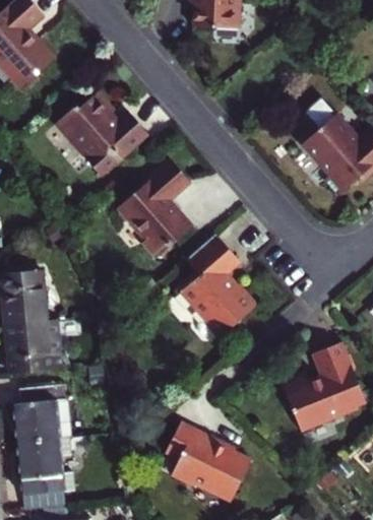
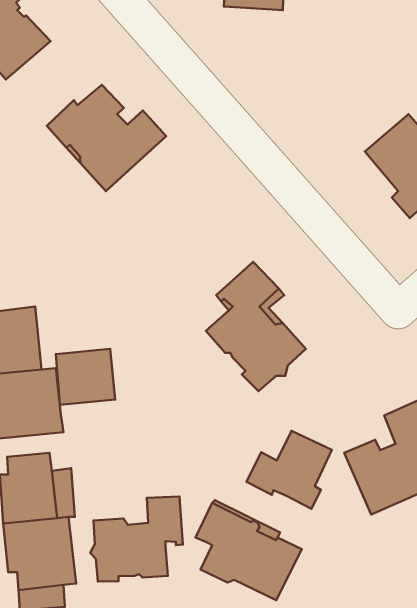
building: [117,161,192,260] -> none
building: none -> [56,349,115,405]
building: none -> [247,431,332,509]
building: none -> [90,497,183,581]

